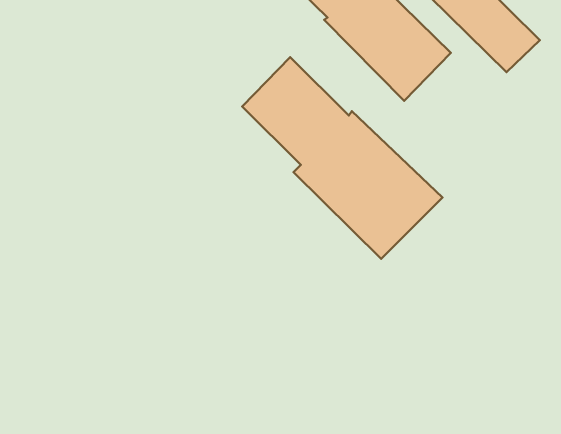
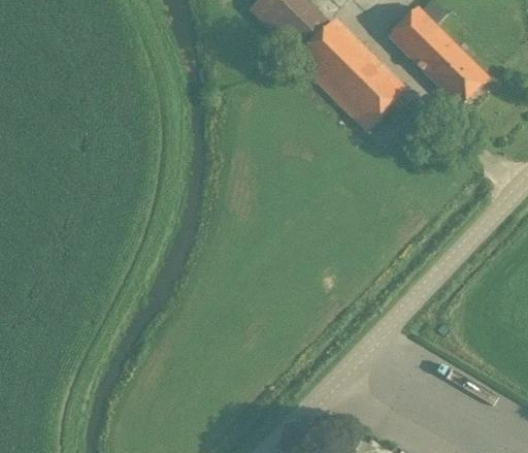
building: [242,57,442,259] -> none

